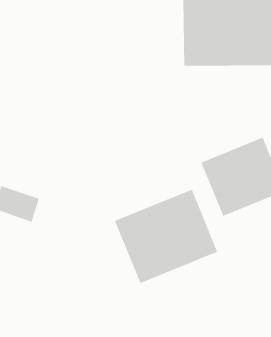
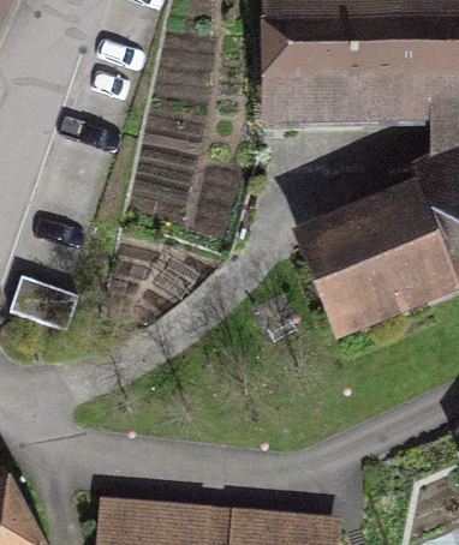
building: [114,189,218,284] -> none

